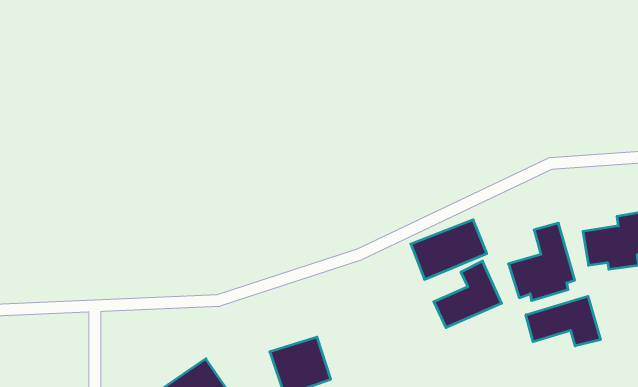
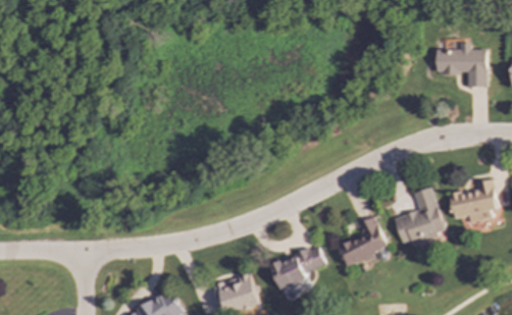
building: none -> [437,39,487,87]
building: [411,220,487,279] -> [270,245,327,290]
building: [526,296,600,346] -> none

